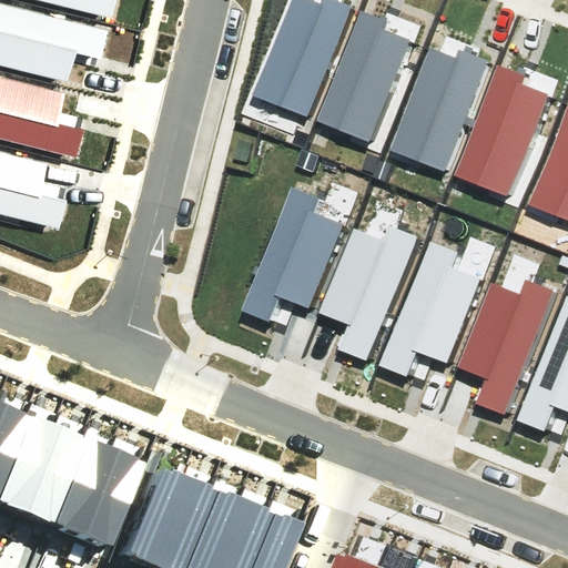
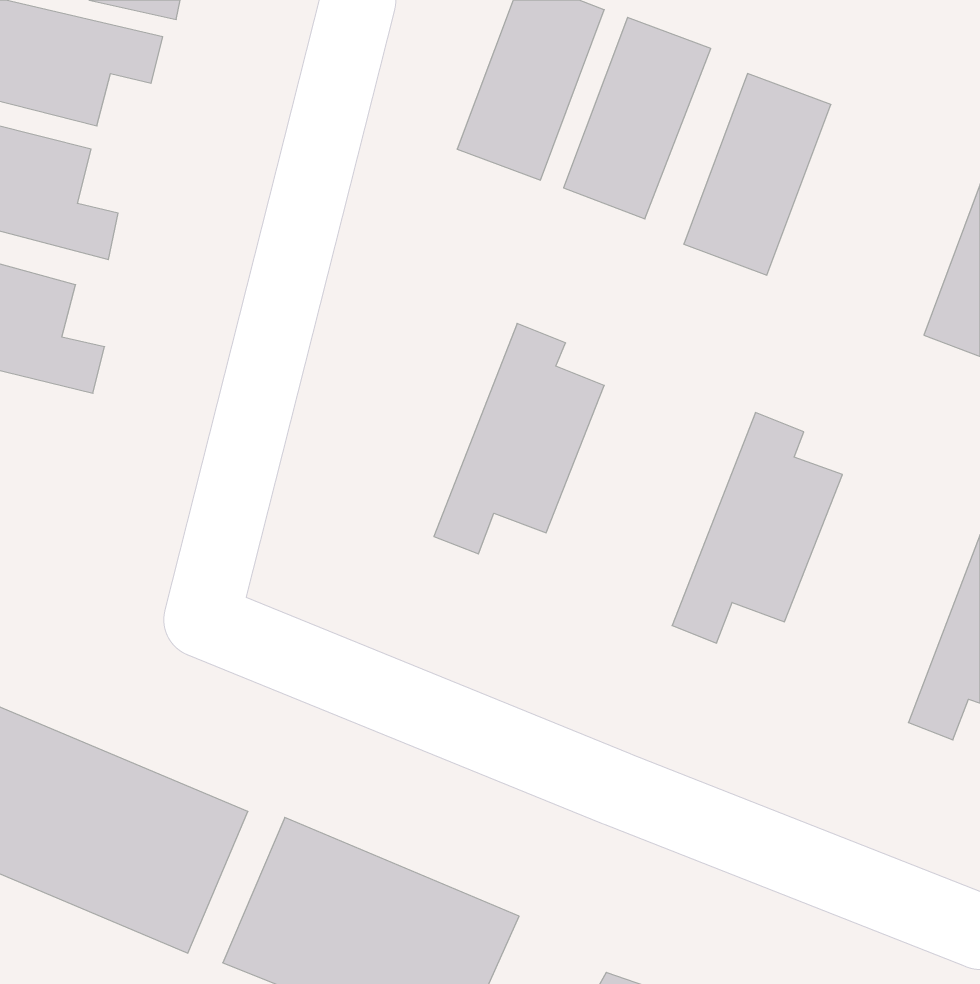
building: [463,73,547,187] -> none
building: [324,226,417,359] -> none
building: [463,278,556,412] -> none

